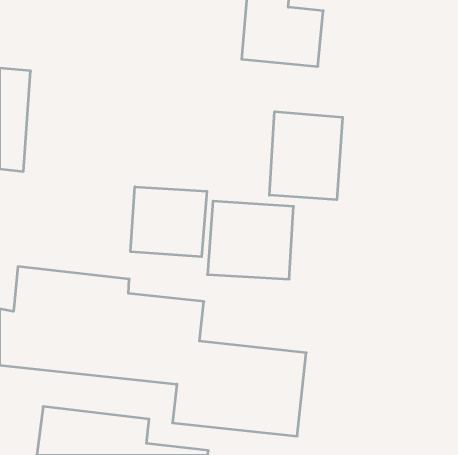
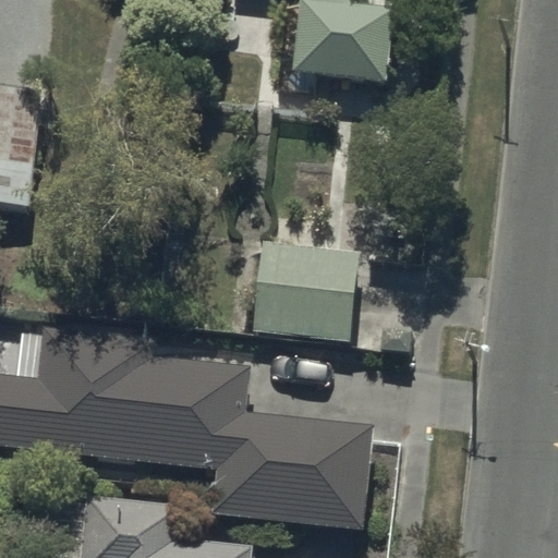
building: [269,112,343,200] -> none
building: [131,187,207,257] -> none

